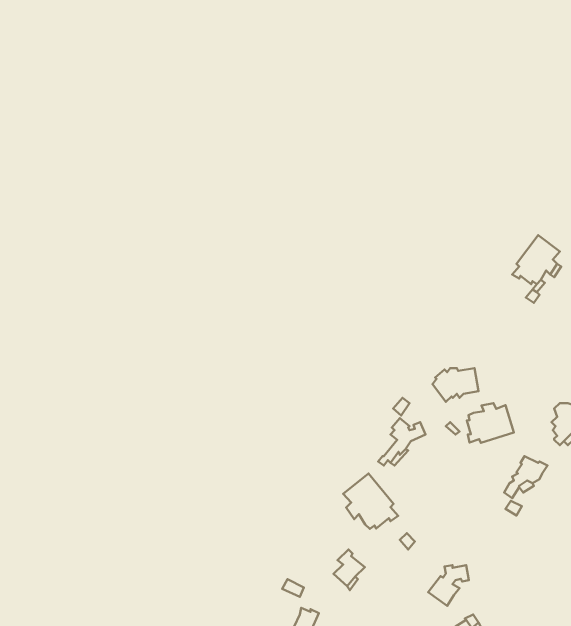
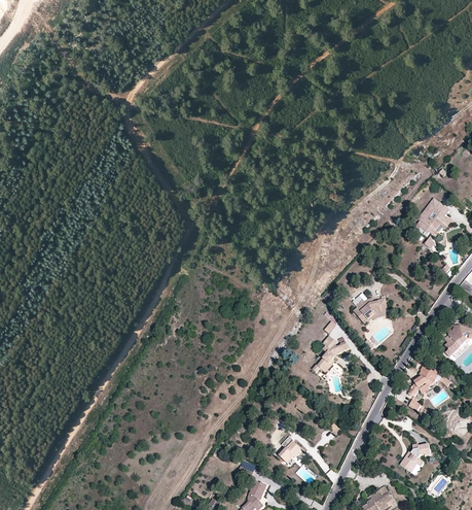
building: [467,403,514,443] -> none
building: [343,473,398,529] -> none
building: [428,565,469,606] -> [400,443,431,474]

